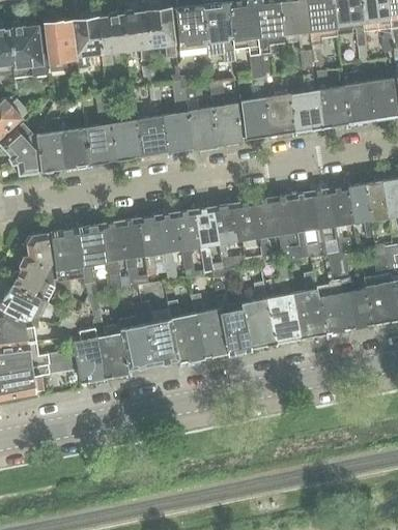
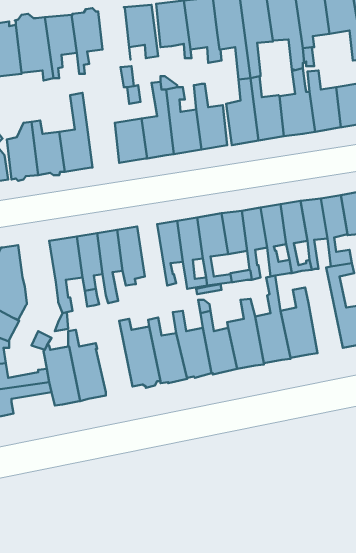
building: [121,10,151,61] -> none
building: [111,106,141,160] -> none
building: [158,213,181,279] -> none
building: [51,229,83,297] -> none
building: [317,254,349,333] -> none
building: [118,303,153,372] -> none

